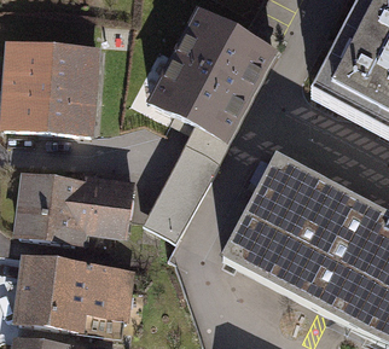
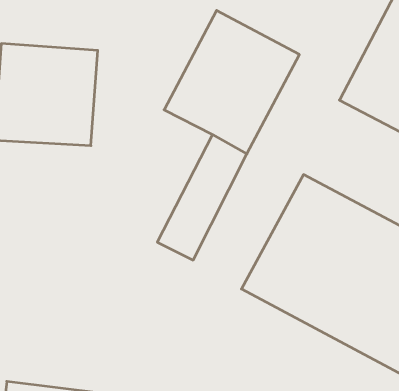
building: [19,175,132,243] -> none
building: [19,257,135,336] -> none

